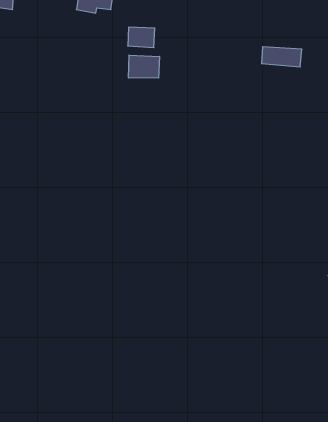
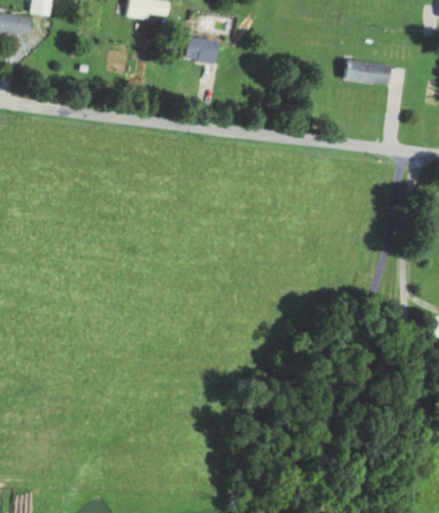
building: [129,55,159,78] -> none

